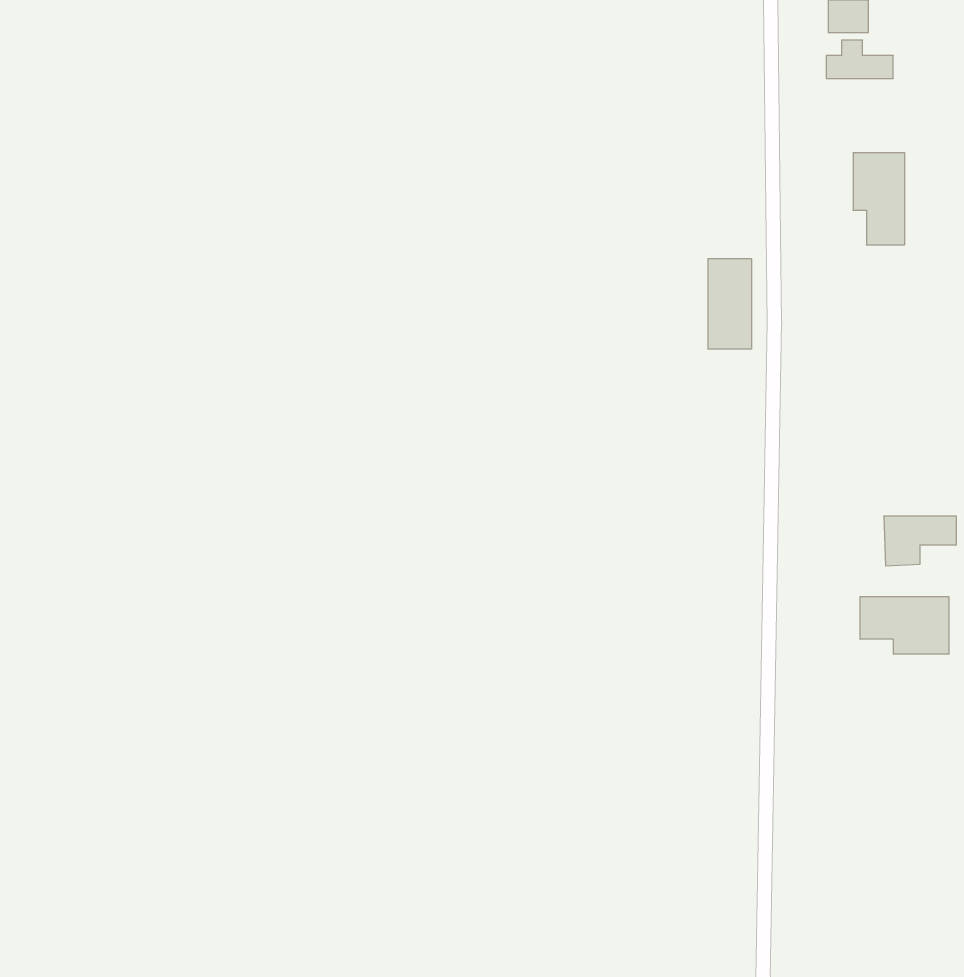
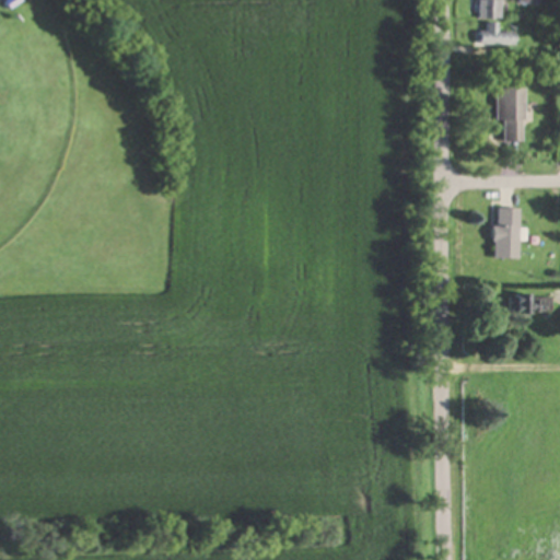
building: [708,259,752,349] -> [497,207,522,258]
building: [860,597,949,654] -> none

